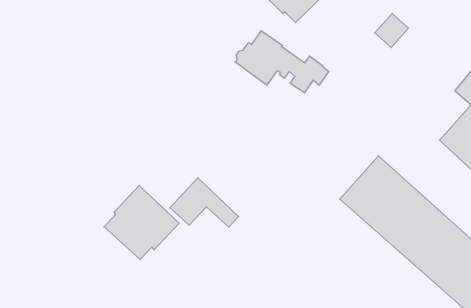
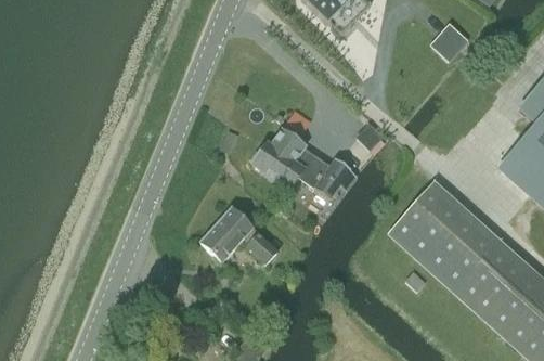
building: [235,31,329,93] -> [251,130,357,199]
building: [104,186,179,259] -> none

